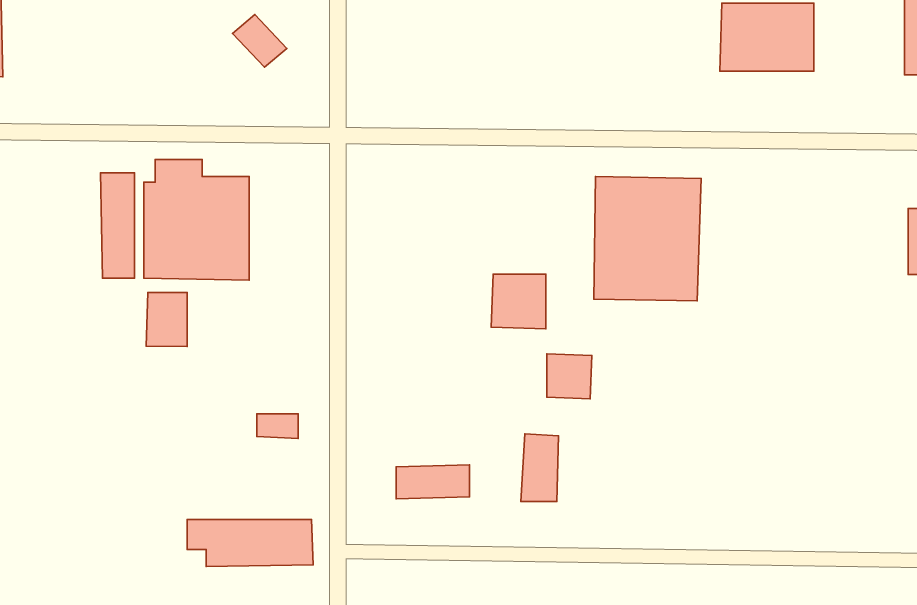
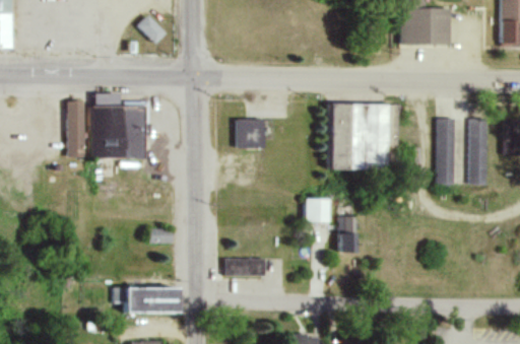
building: none -> [436,119,455,185]
building: none -> [468,119,486,185]
building: [491,274,546,329] -> [236,119,265,148]
building: [146,292,187,346] -> none
building: [521,434,559,502] -> [337,215,358,252]

